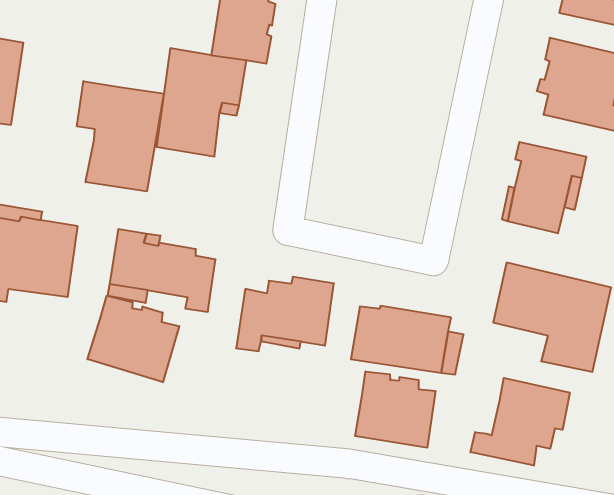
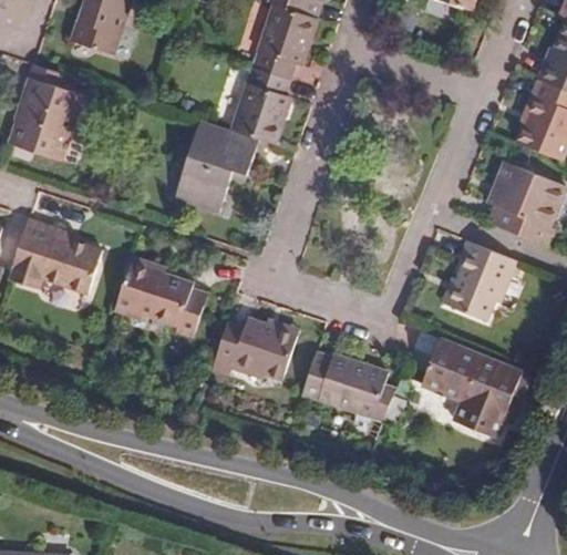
building: [77,81,164,191] -> none
building: [87,296,179,382] -> none
building: [355,371,435,448] -> none
building: [470,378,570,466] -> none

